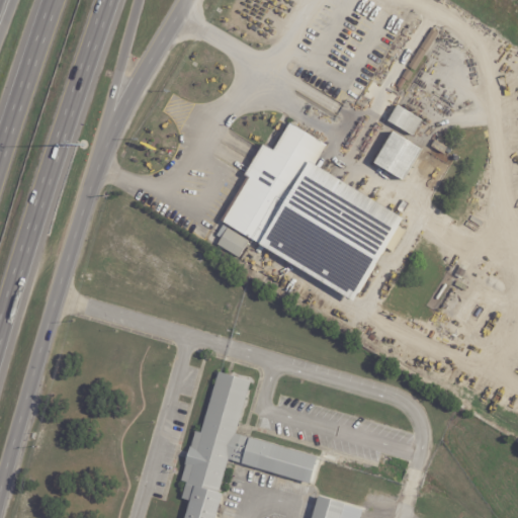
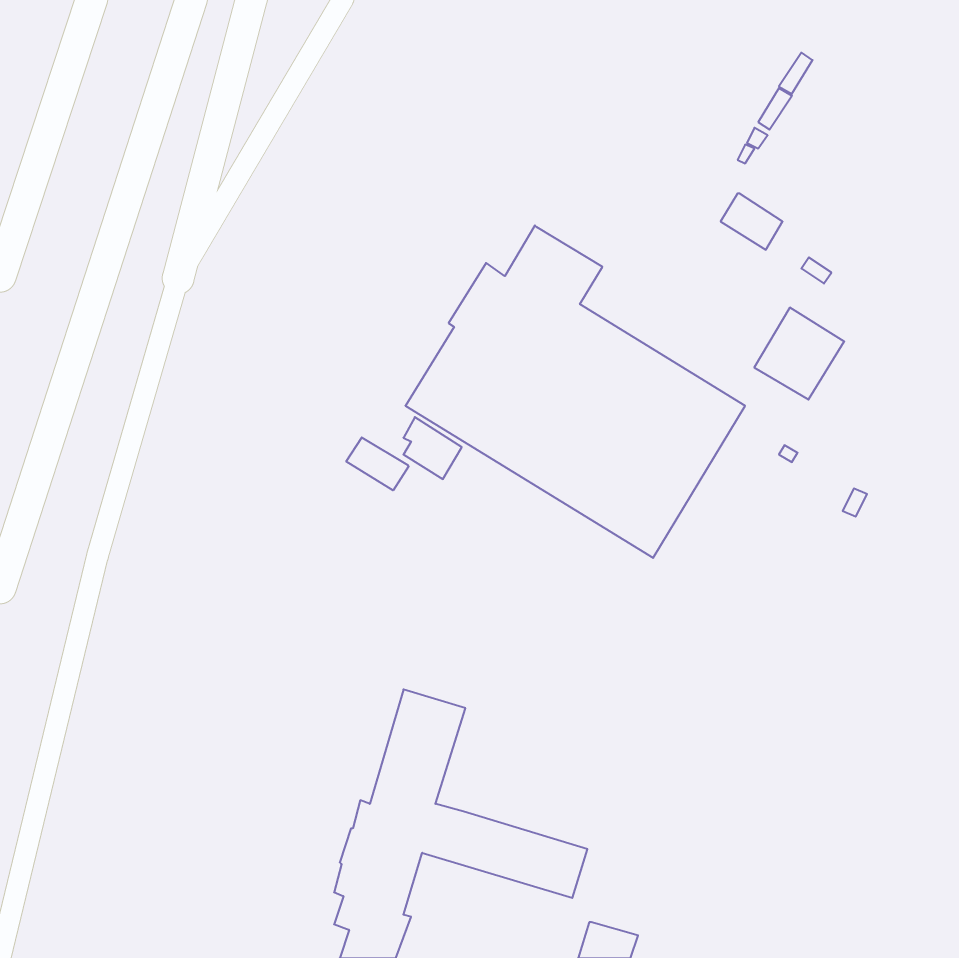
building: [373,131,422,180] -> [754,308,844,400]
building: none -> [346,437,409,490]

